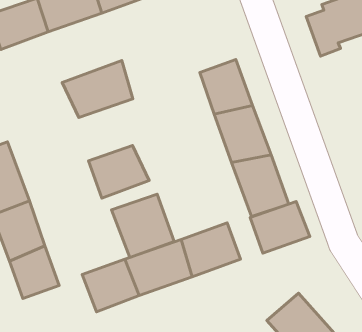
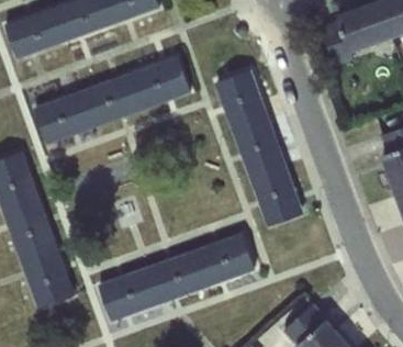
building: none -> [136,57,191,110]
building: [89,145,149,198] -> [33,93,93,146]
building: [111,194,174,257] -> none
building: [250,202,310,253] -> none

